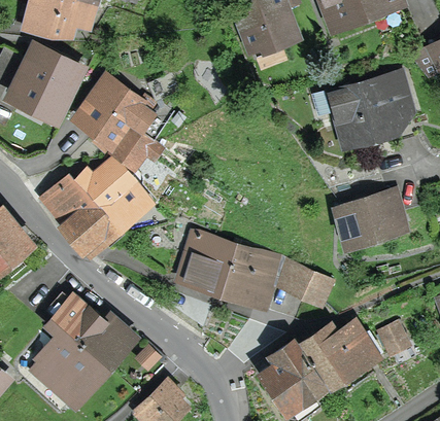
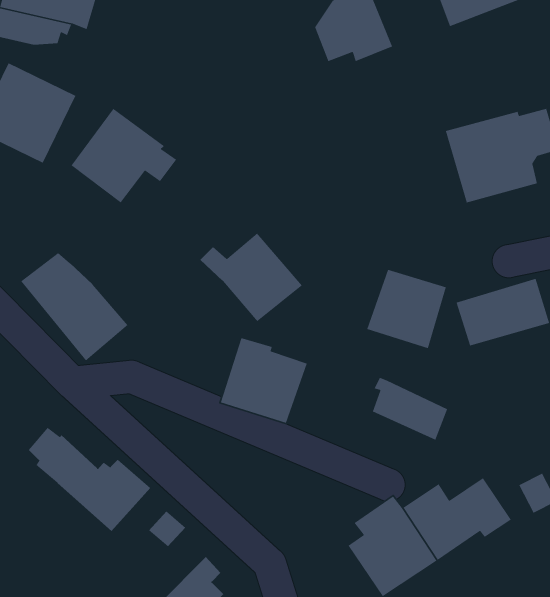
building: [114,128,161,164] -> none
building: [77,164,147,224] -> [199,232,303,322]
building: [224,250,278,305] -> [366,269,447,349]
building: [34,331,105,402] -> none

